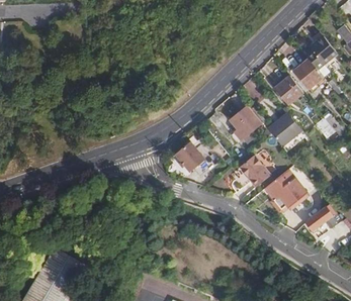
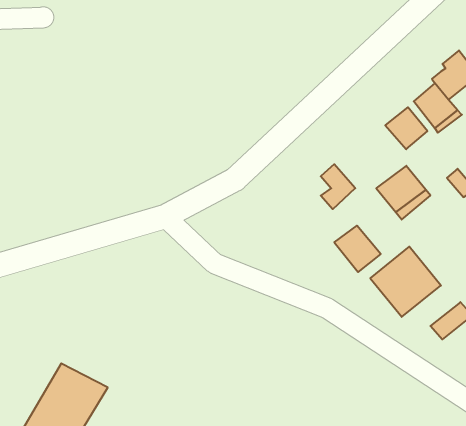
building: [174,141,206,175] -> none

